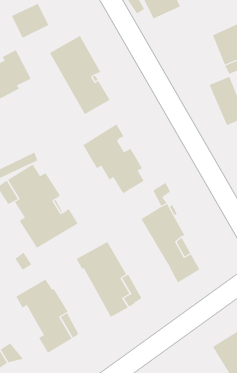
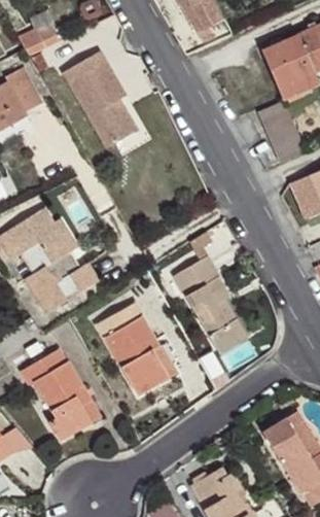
building: [82,124,144,194] -> none

